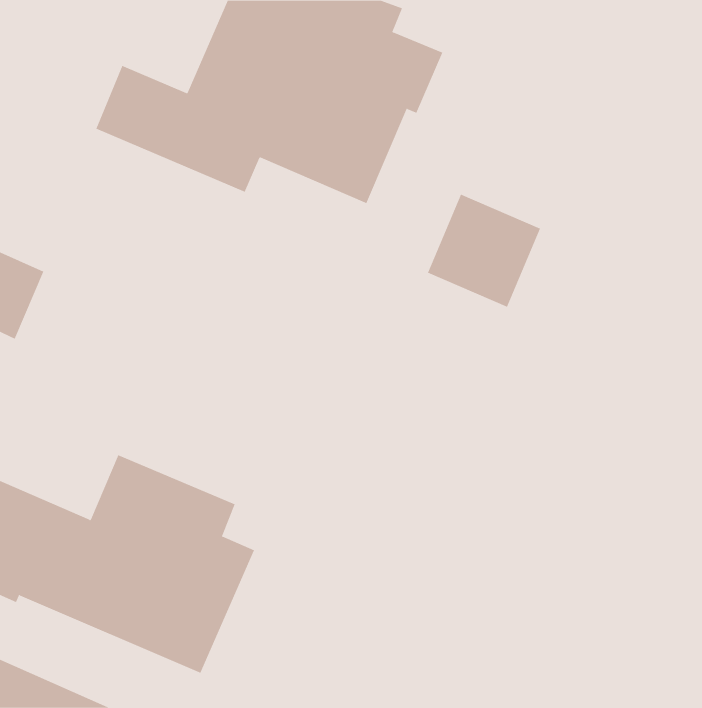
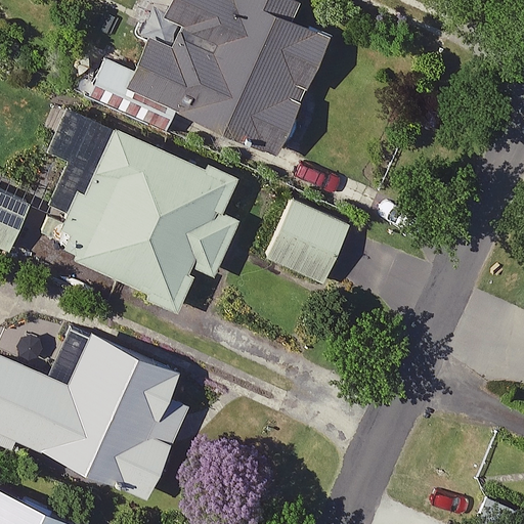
building: none -> [55,127,237,304]
building: [427,194,541,307] -> [264,199,348,282]

